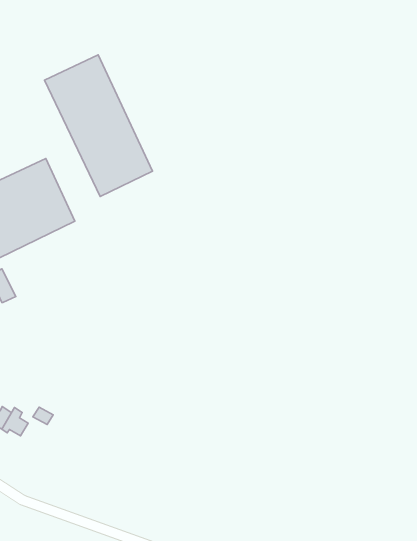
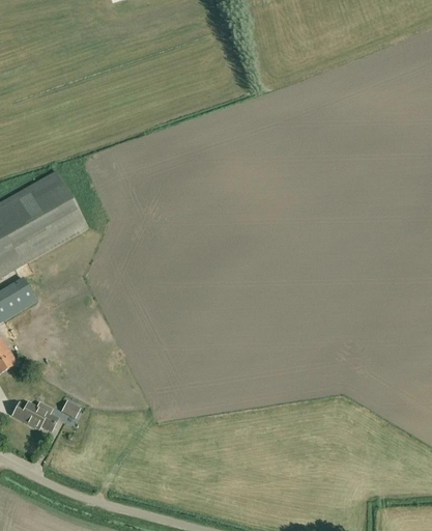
building: [45,55,153,196] -> none

